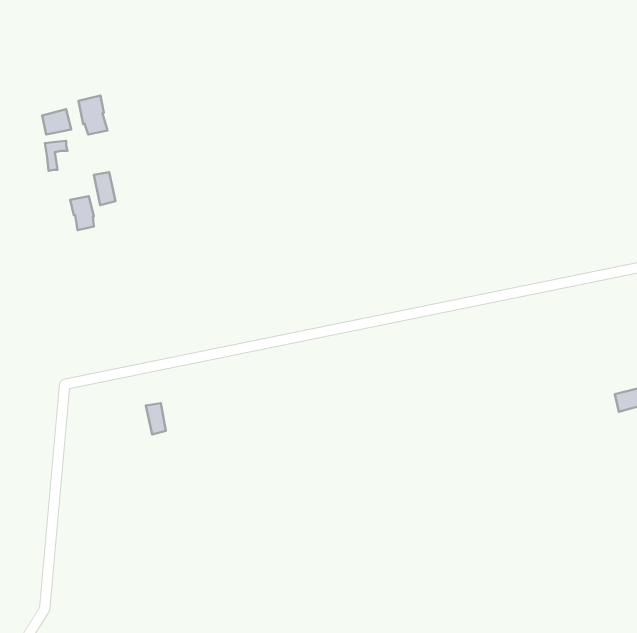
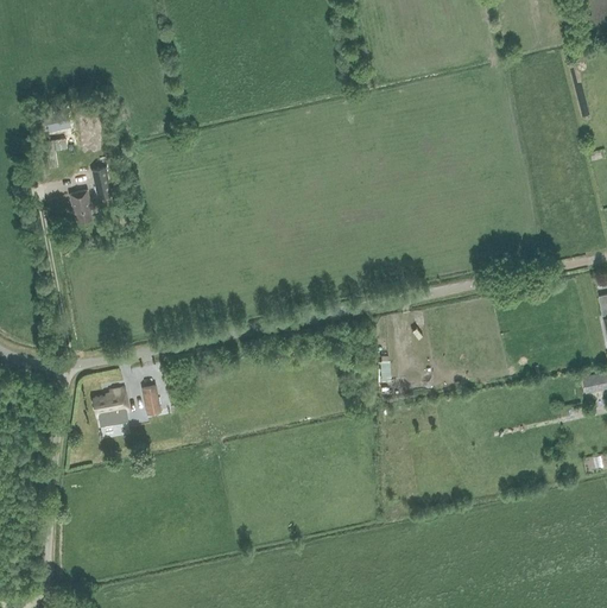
building: [78,96,107,135] -> none
building: none -> [93,390,128,419]

